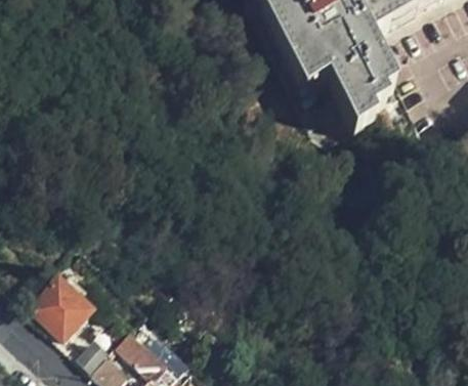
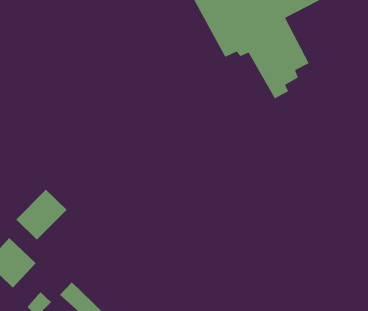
building: none -> [15,189,67,240]

